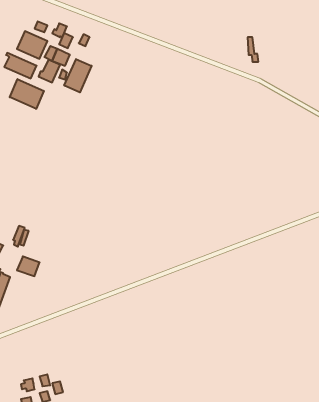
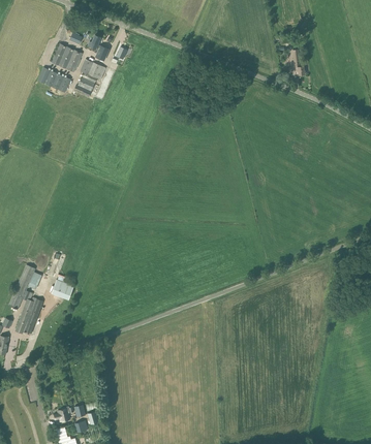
building: [64,59,92,92] -> none
building: [10,79,44,109] -> none

